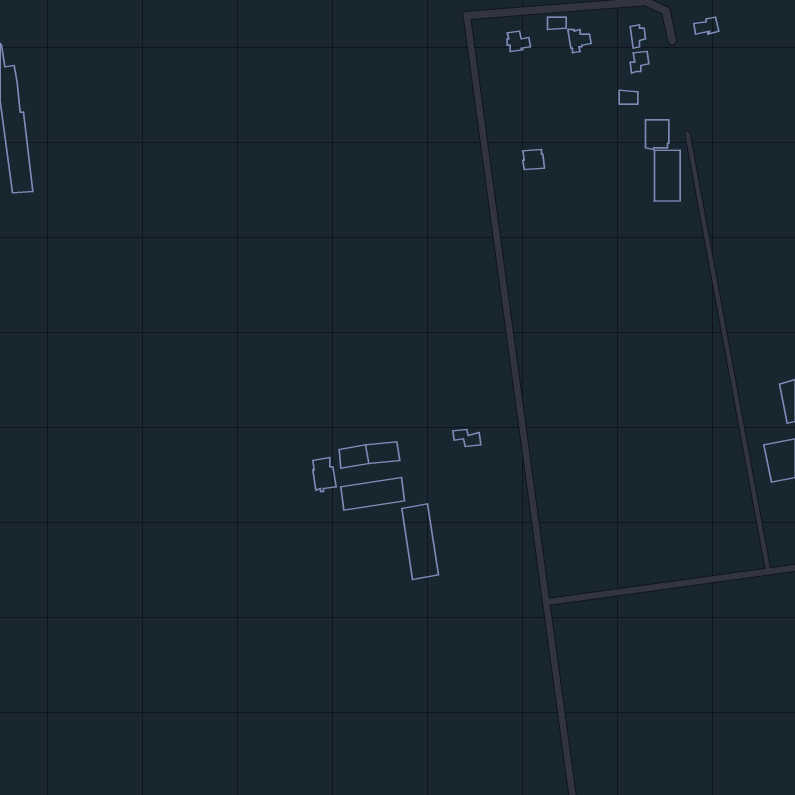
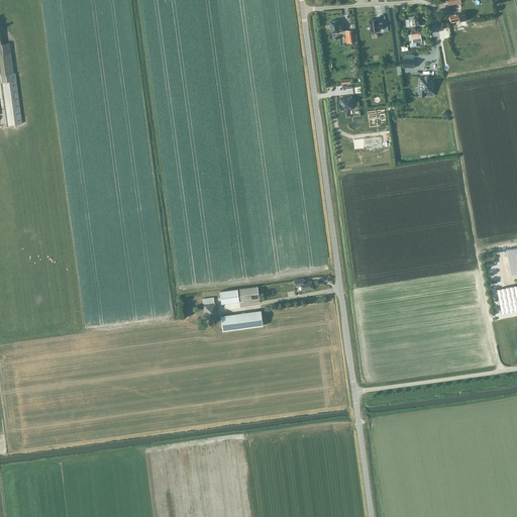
building: [654,150,680,201] -> none
building: [402,504,438,579] -> none

